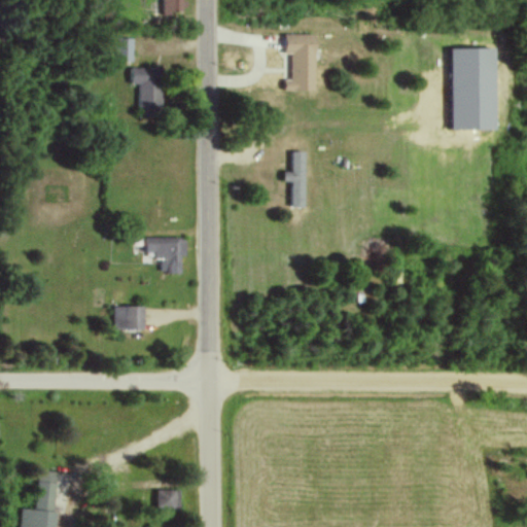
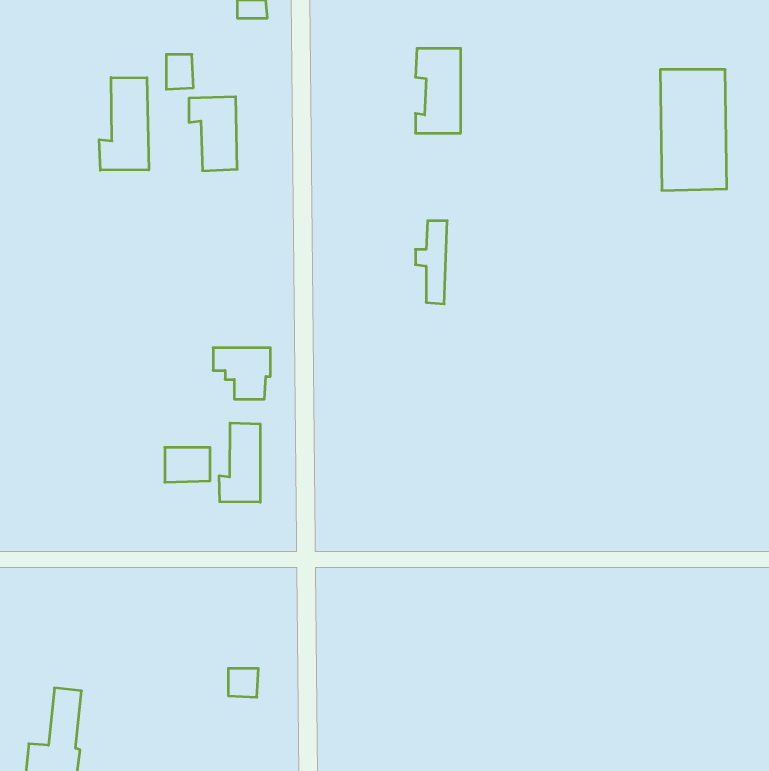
building: none -> [99,77,149,170]
building: none -> [219,423,260,502]
building: [157,489,178,508] -> [228,668,258,697]

